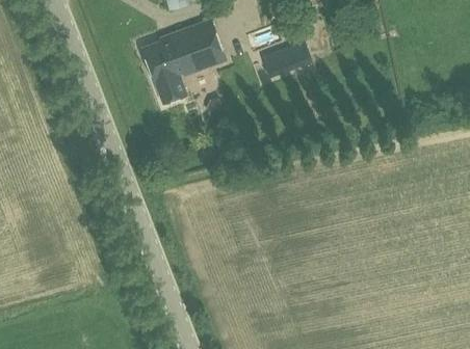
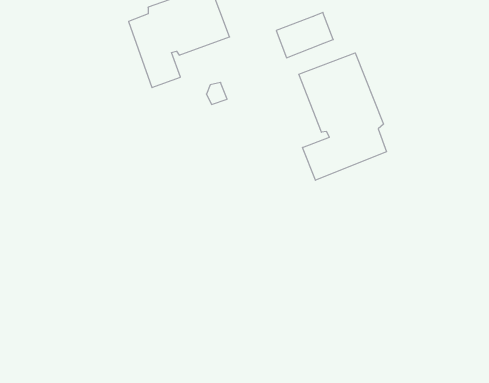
building: none -> [299,53,386,180]

